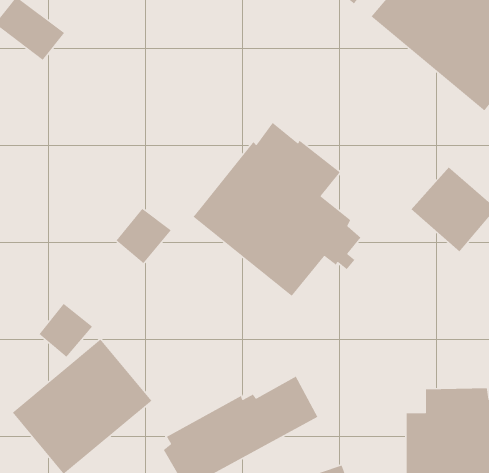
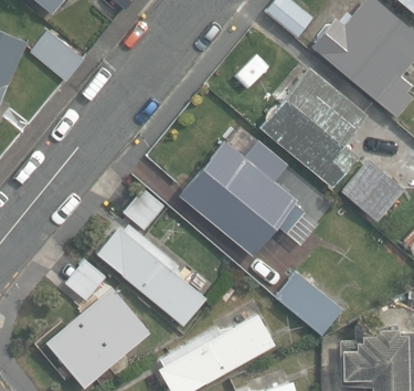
building: none -> [259,66,369,188]
building: none -> [95,225,205,327]
building: none -> [275,272,343,336]

